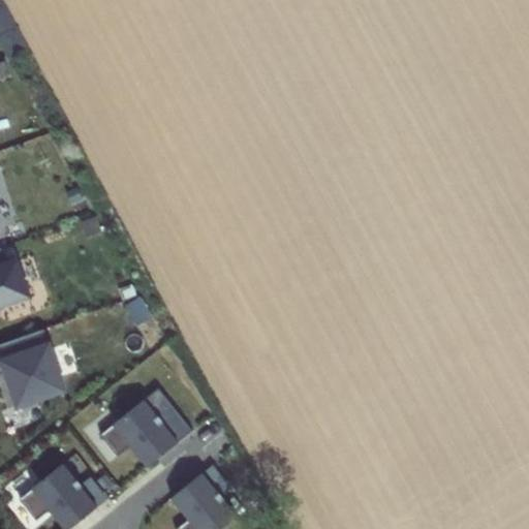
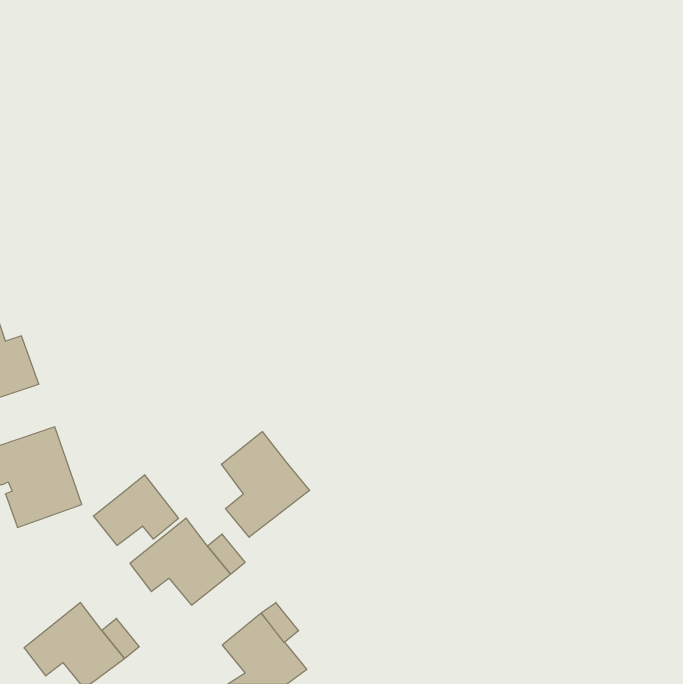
building: none -> [221,432,310,537]
building: none -> [93,475,178,545]

